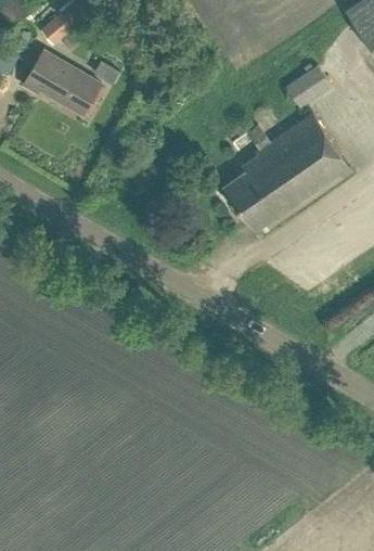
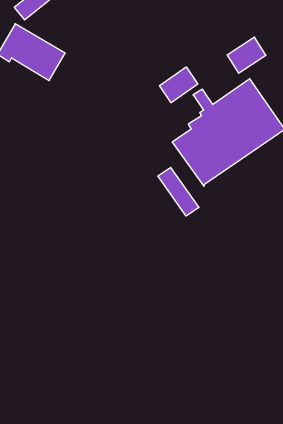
building: none -> [160,67,198,103]
building: none -> [158,167,199,216]

